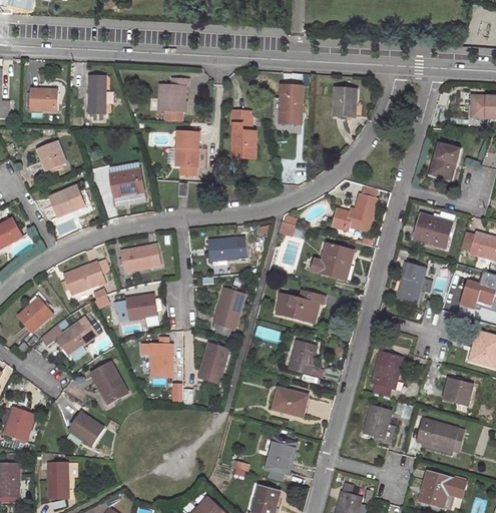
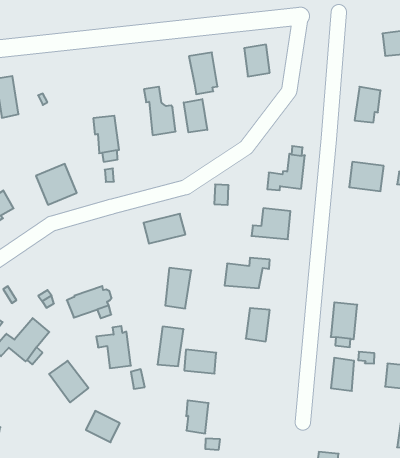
building: [156,78,186,110] -> none
building: none -> [184,99,207,132]
building: [120,244,161,274] -> none
building: [397,262,426,305] -> none
building: [68,264,105,295] -> none
building: [274,389,308,417] -> [184,350,216,374]
building: [71,414,105,447] -> [86,411,120,442]
building: [270,439,296,474] -> [186,400,209,433]

